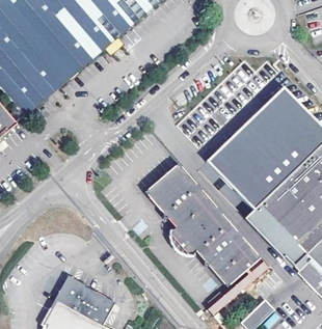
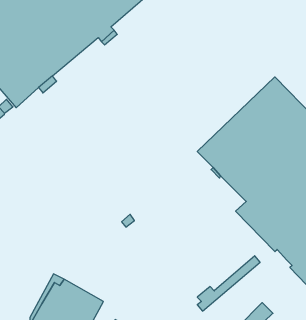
building: [142,161,258,285] -> none

